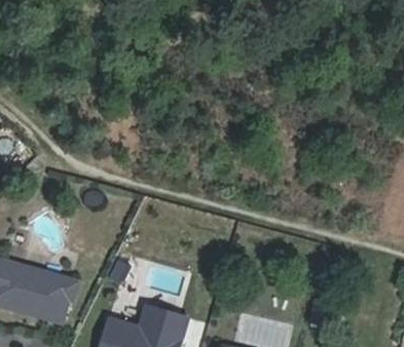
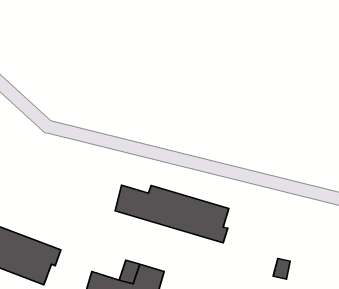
building: none -> [115,185,229,243]

